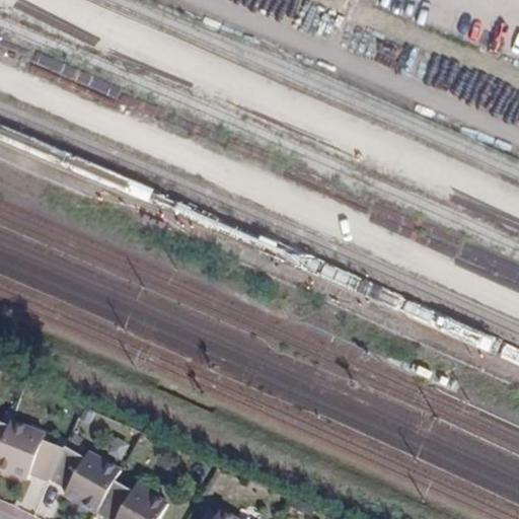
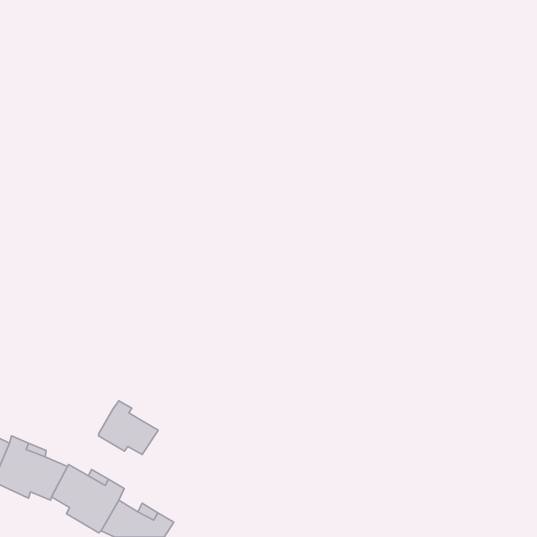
building: none -> [98,401,158,455]

